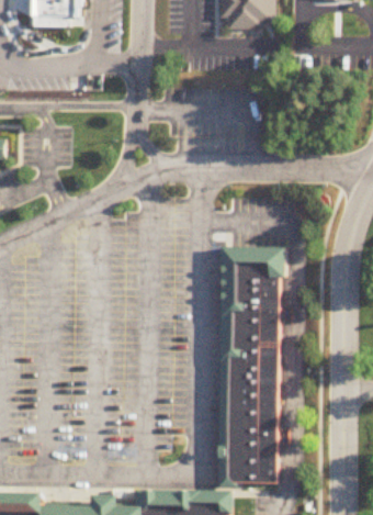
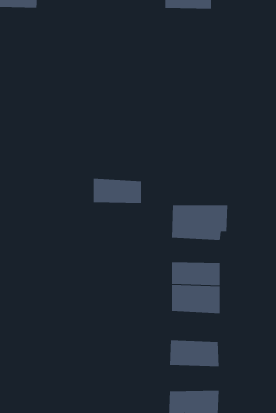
building: [224,290,280,318] -> [93,178,142,203]
building: [223,373,280,408] -> none
building: [222,435,279,464] -> none

